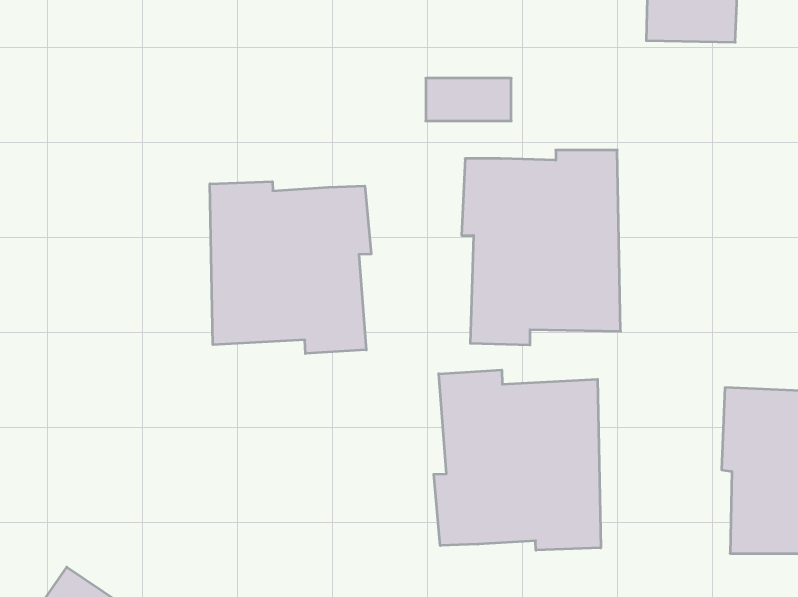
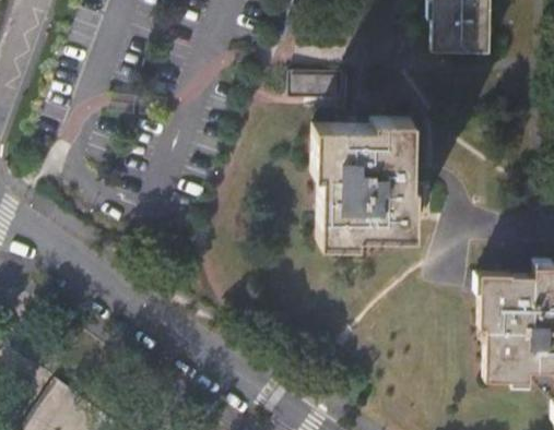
building: [210,182,371,354] -> none
building: [434,370,601,550] -> none

